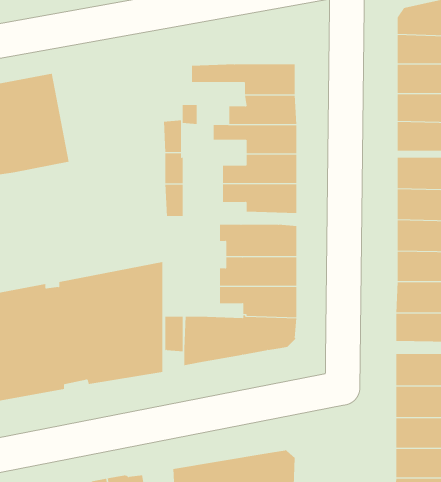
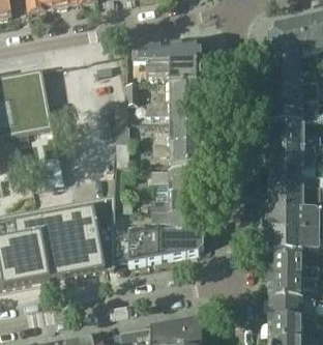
building: none -> [133,39,203,61]

